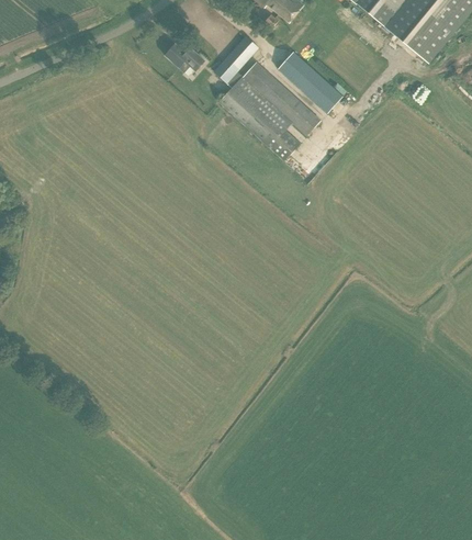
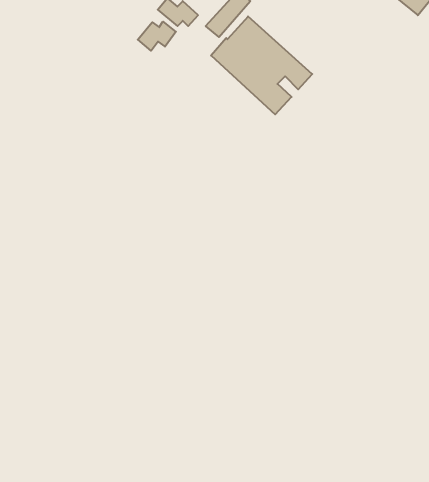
building: [279,53,342,112] -> none
building: none -> [138,22,176,51]

